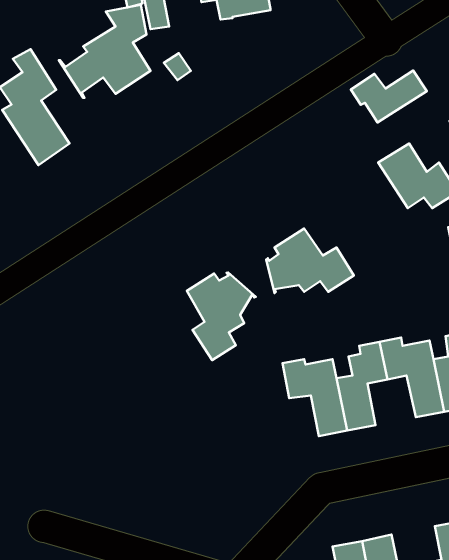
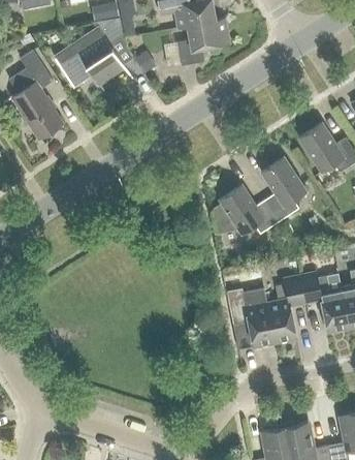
building: none -> [176,18,229,65]
building: [351,71,427,122] -> none
building: none -> [261,159,306,223]
building: [187,272,256,360] -> none

